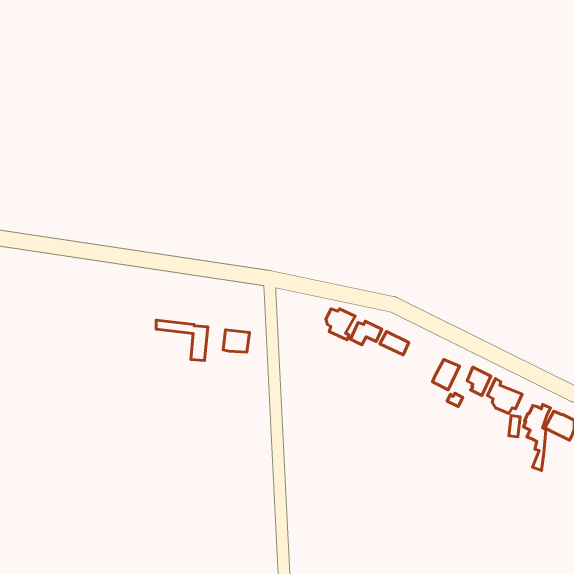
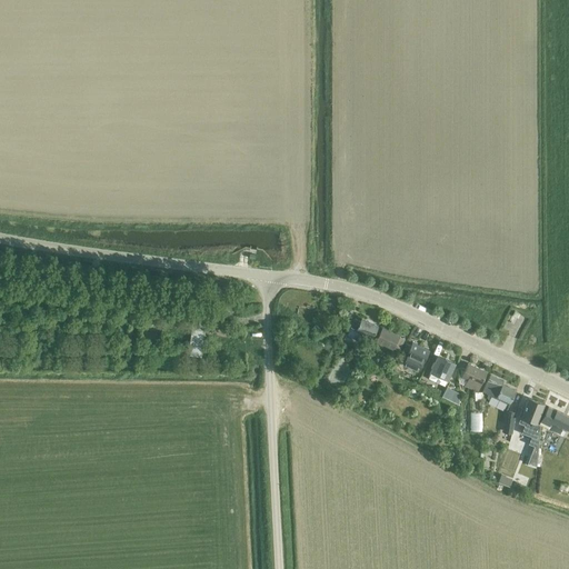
building: [326,309,355,340] -> none
building: [223,330,250,352] -> none
building: none -> [402,342,429,371]

